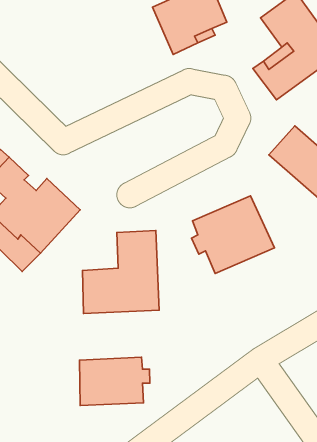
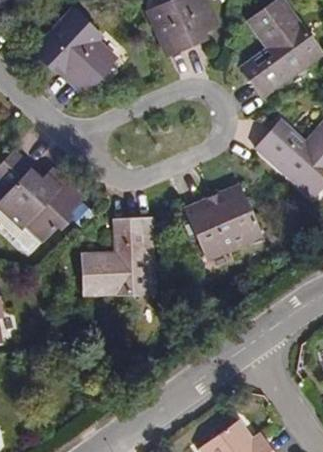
building: none -> [33,9,114,90]
building: [79,357,150,405] -> none

